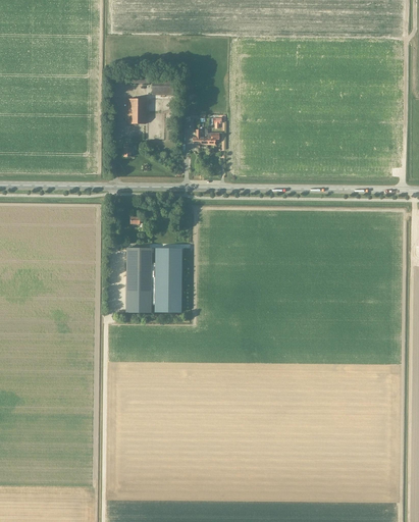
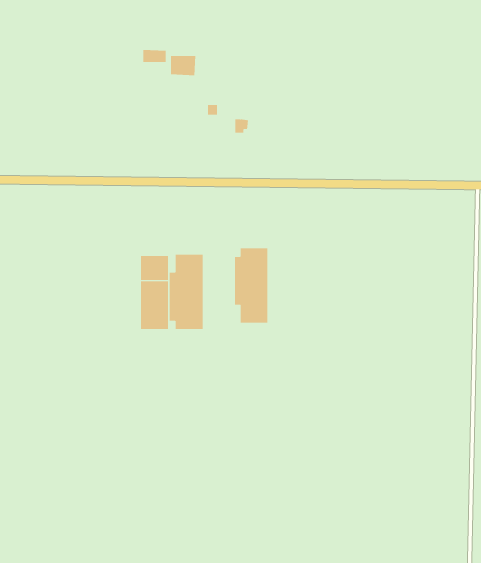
building: [128,98,147,123] -> none
building: none -> [234,248,268,324]

